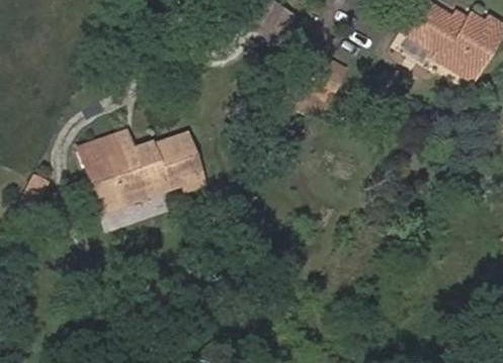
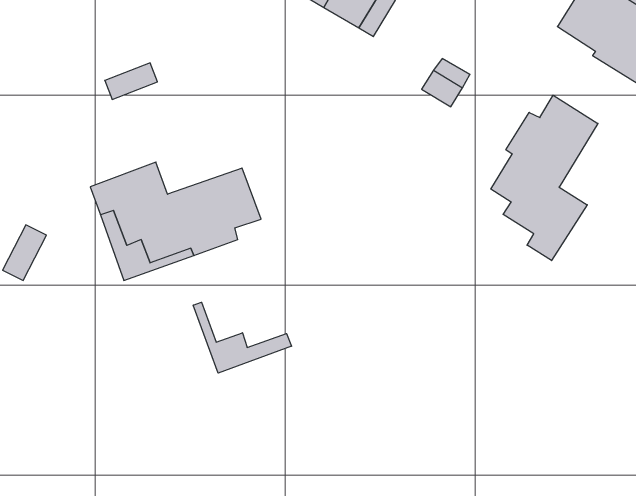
building: none -> [491,95,598,261]
building: none -> [193,302,292,373]

